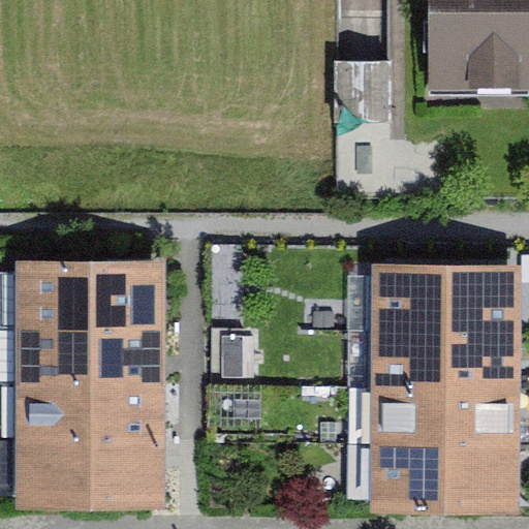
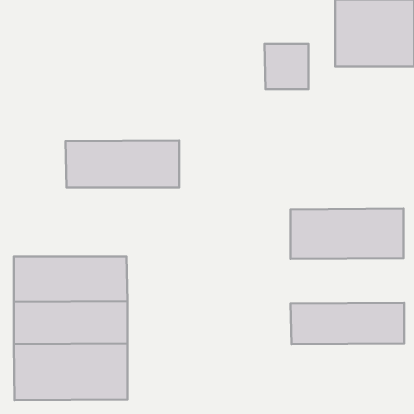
building: [17,267,161,326] -> [66,140,179,187]
building: [370,329,515,386] -> none
building: [371,437,515,510] -> none

